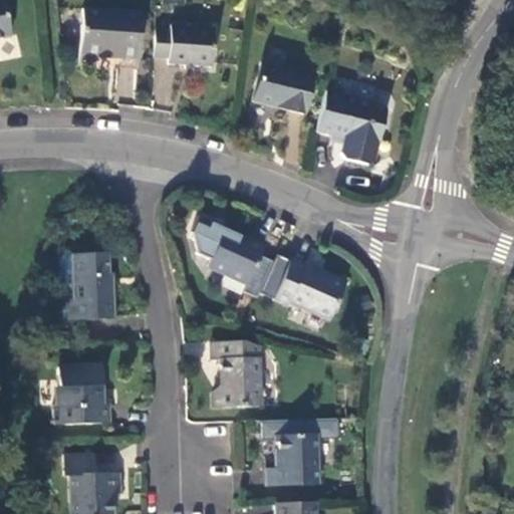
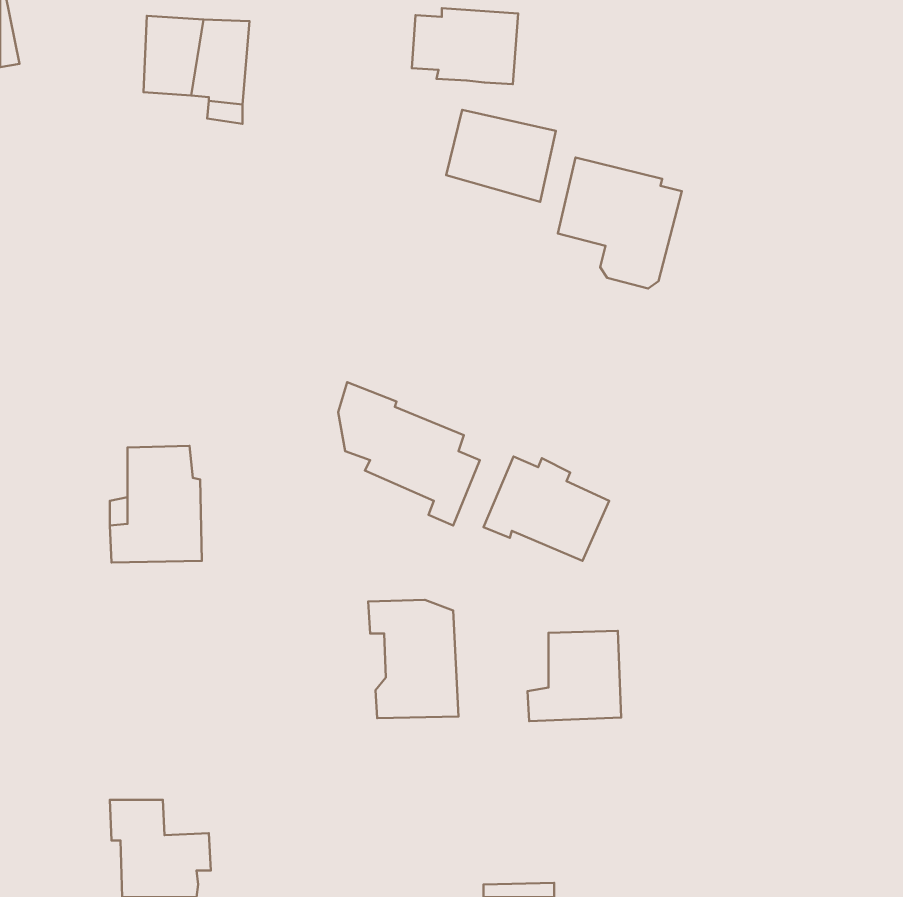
building: [156,24,216,67] -> [412,8,518,84]
building: [51,365,105,426] -> none
building: [267,434,320,485] -> [527,631,621,721]

